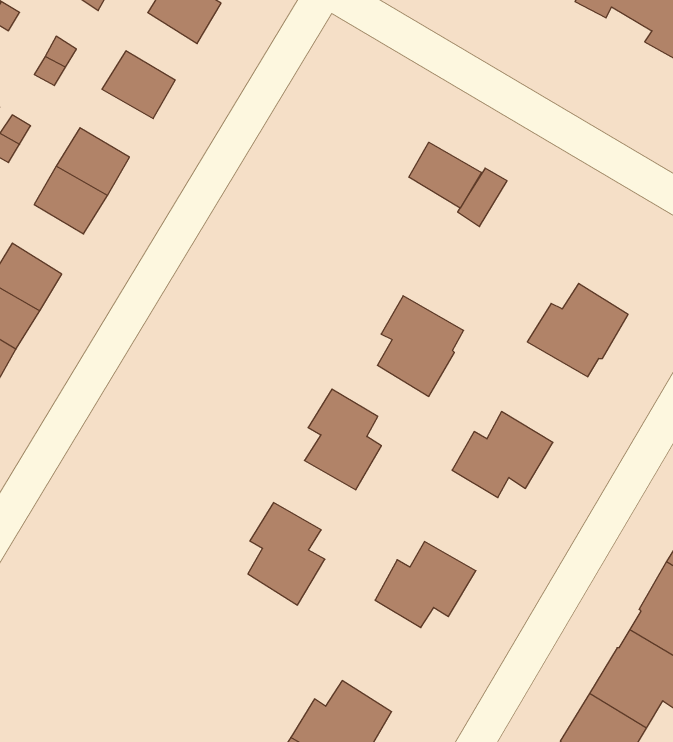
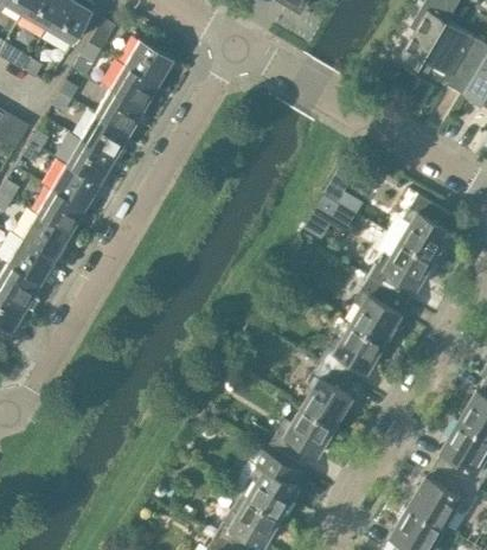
building: none -> [109,65,155,109]
building: none -> [79,115,127,159]
building: [409,142,482,208] -> none
building: none -> [36,190,82,235]
building: none -> [402,207,451,261]
building: [377,296,464,396] -> [352,279,408,344]
building: [304,389,381,490] -> [302,362,352,427]
building: [248,503,325,605] -> [249,452,299,518]

